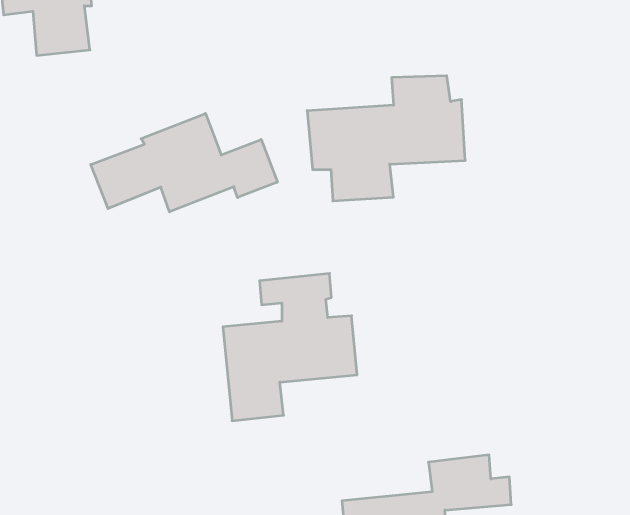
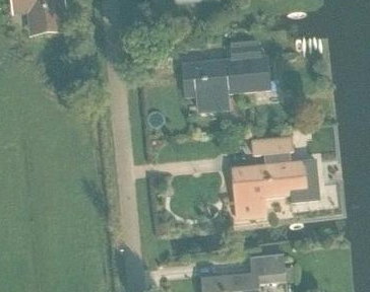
building: [91,113,277,212] -> none
building: [223,273,357,421] -> [232,138,306,219]

